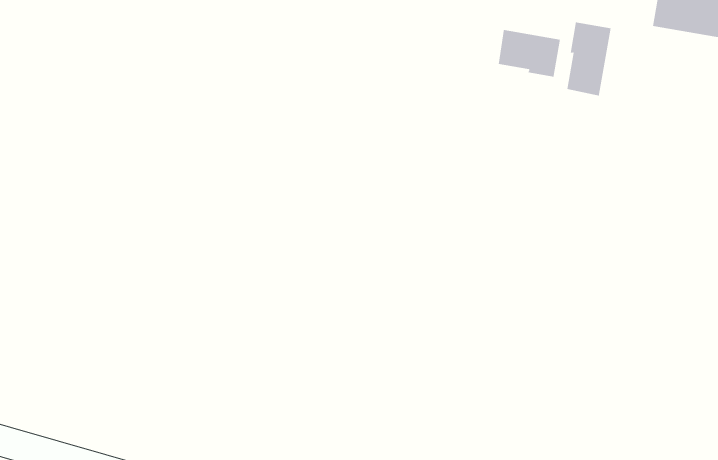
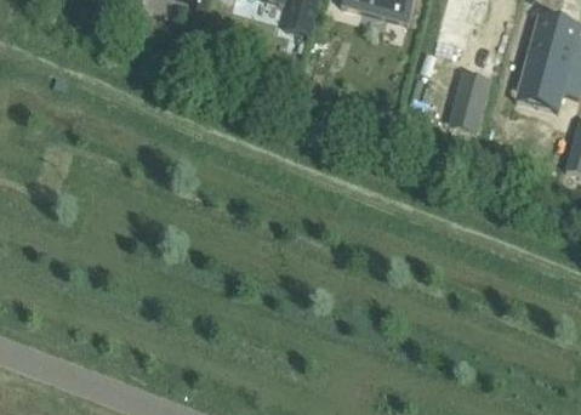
building: [498,29,561,78] -> none

